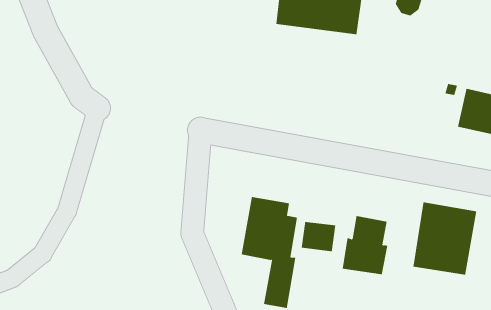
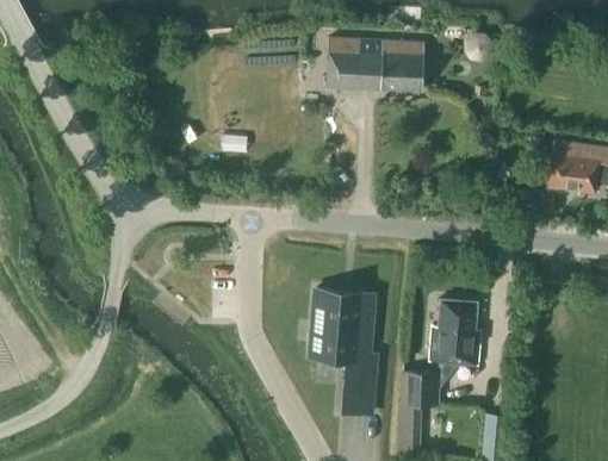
building: [413,202,477,275] -> none
building: [301,221,336,252] -> [401,372,439,404]

